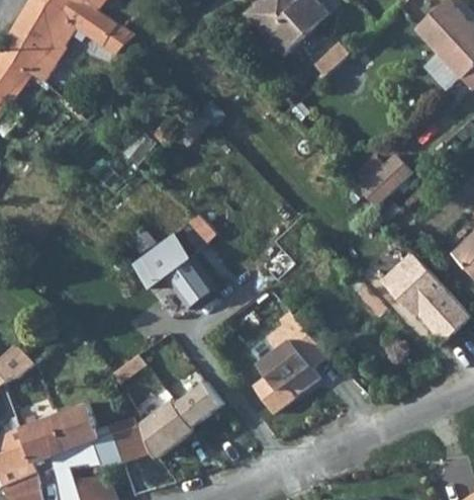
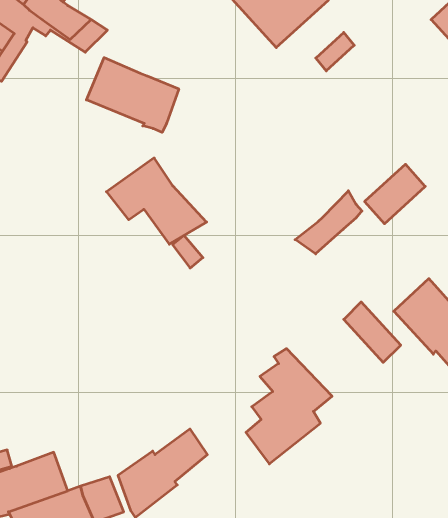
building: none -> [86,58,179,132]
building: none -> [295,191,362,254]
building: [132,232,219,307] -> [106,158,207,244]

